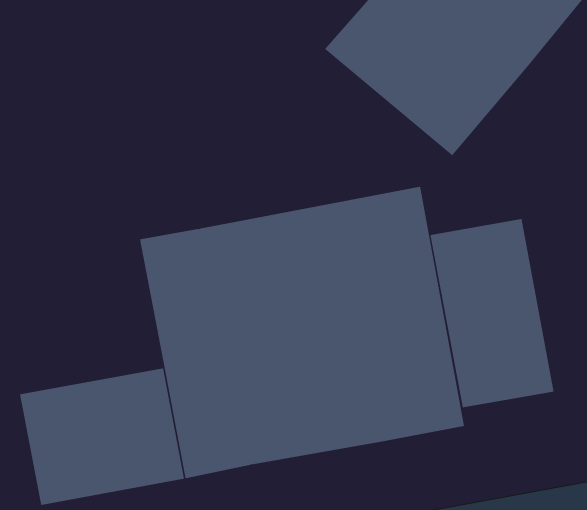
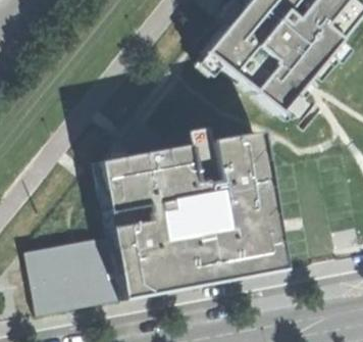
building: [430,218,554,408] -> none

